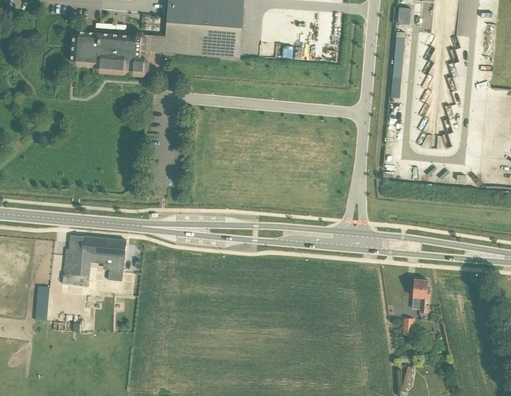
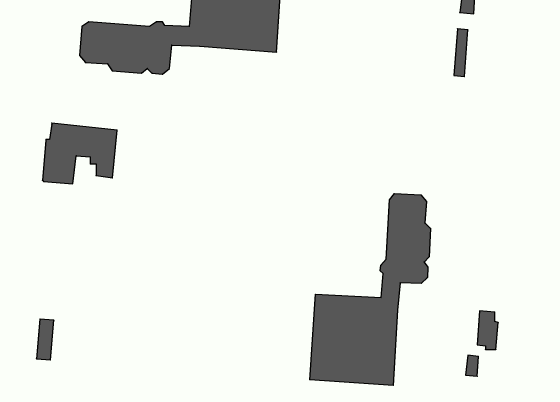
building: none -> [310,194,431,385]
building: [62,233,126,285] -> [42,123,117,184]

